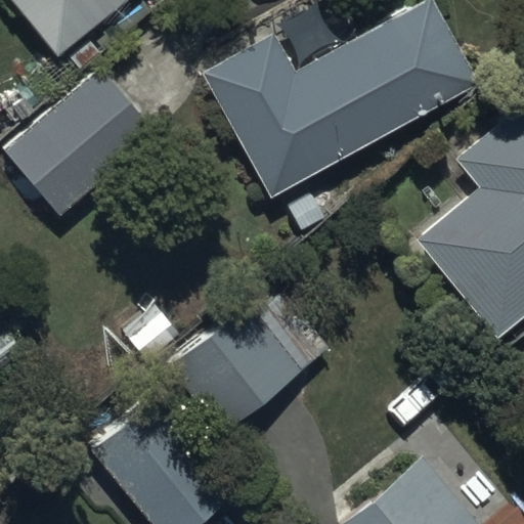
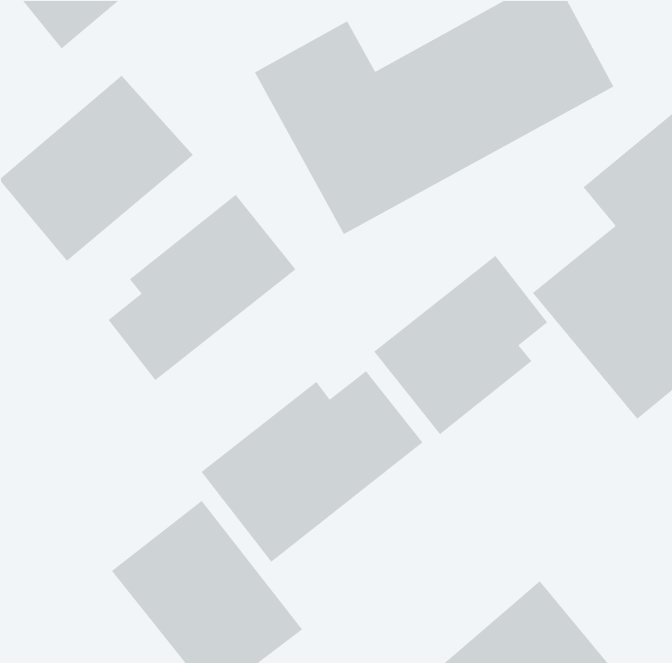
building: none -> [107,194,296,381]
building: none -> [373,255,548,435]

